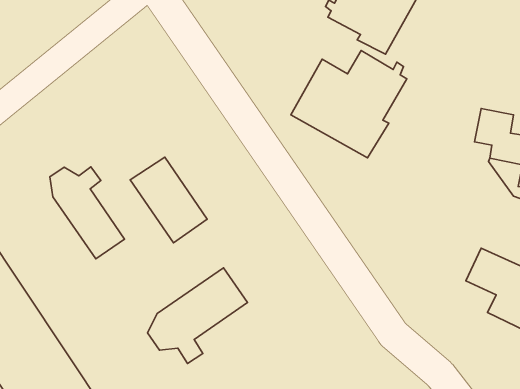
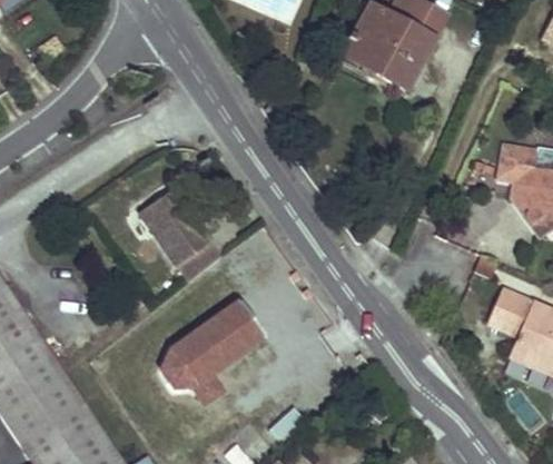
building: [291,51,407,158] -> none
building: [50,167,124,259] -> none

